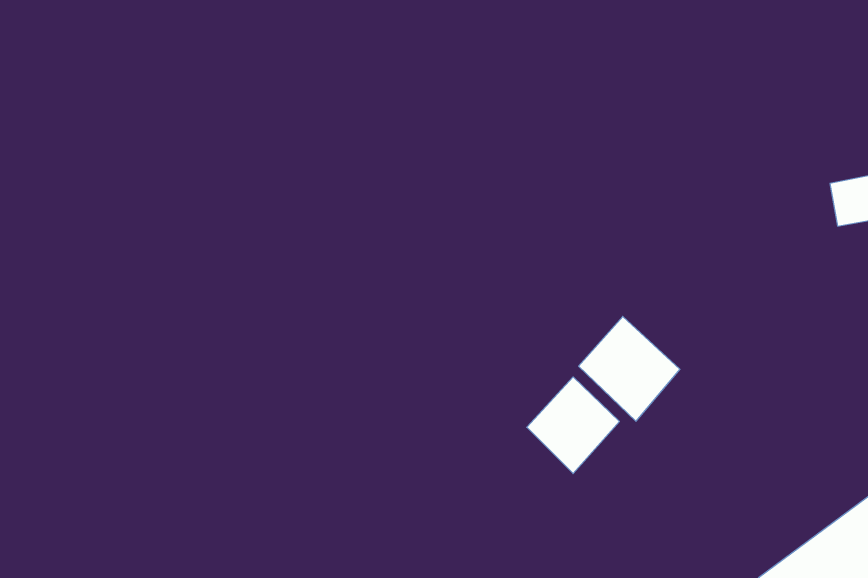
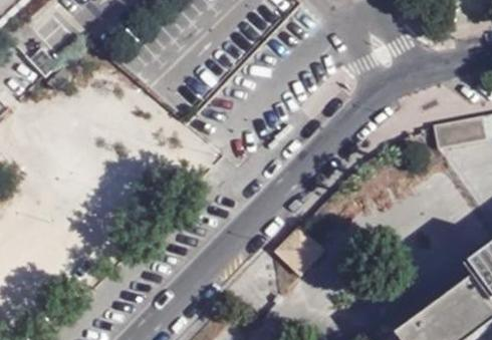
building: [579,316,680,421] -> none

